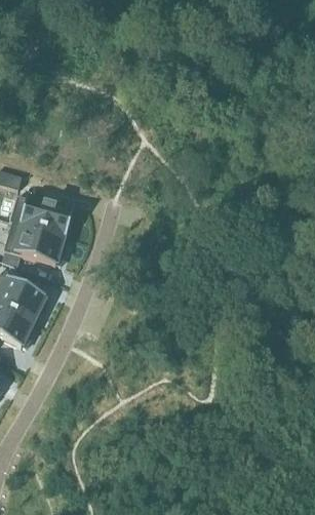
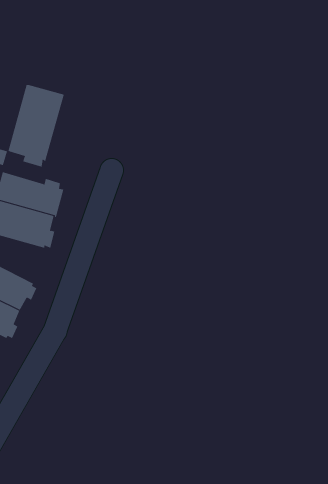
building: none -> [8,84,64,167]

